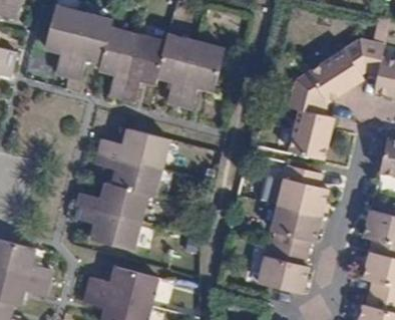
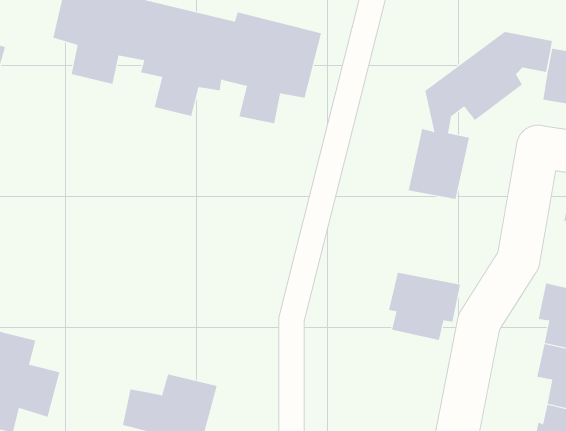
building: [75,128,167,250] -> none
building: [274,163,321,211] -> none
building: [255,241,306,288] -> none

